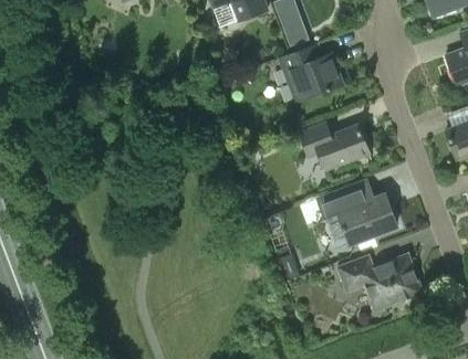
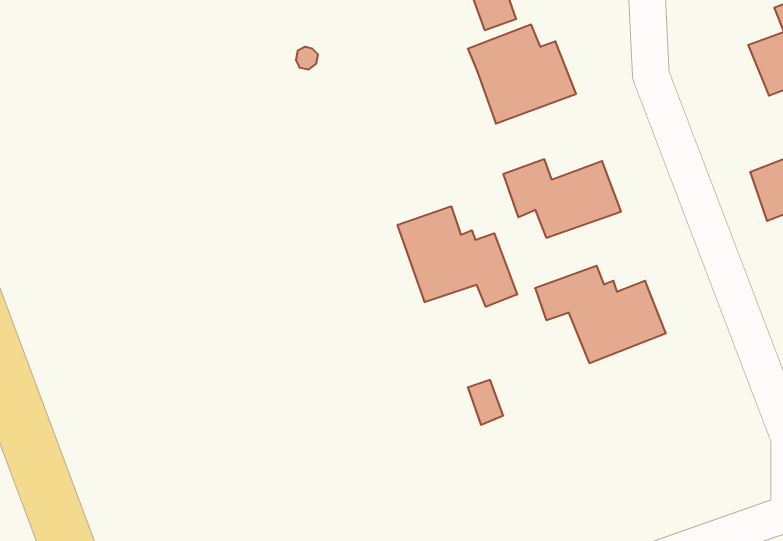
building: none -> [398,206,517,307]
building: [337,254,422,309] -> none

